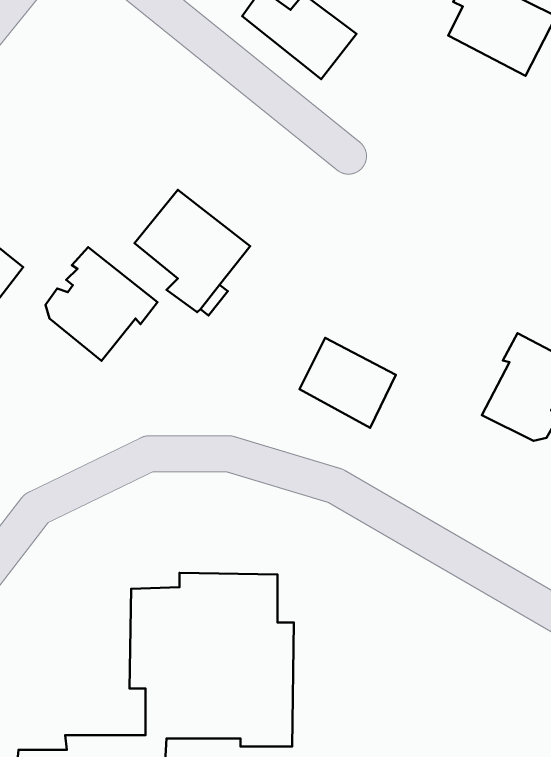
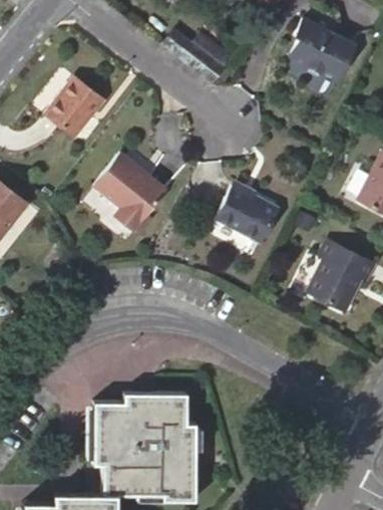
building: none -> [45,77,104,139]
building: [45,247,158,361] -> none
building: [299,338,396,428] -> [218,184,278,240]

